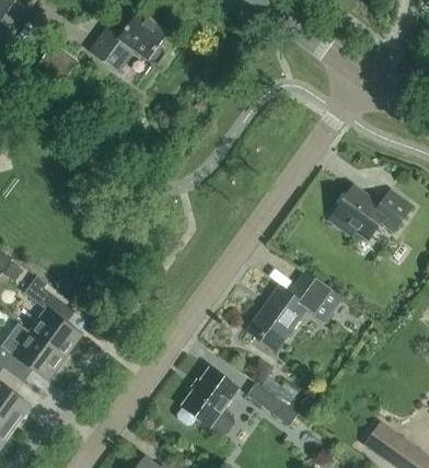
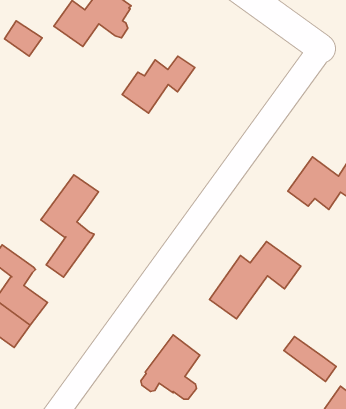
building: none -> [122,56,195,113]
building: none -> [41,175,99,277]
building: [246,381,300,426] -> [284,336,336,382]

